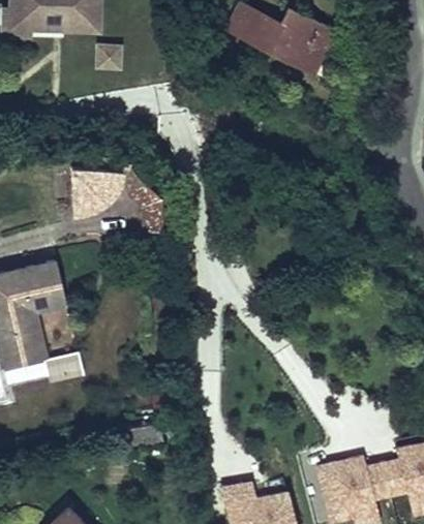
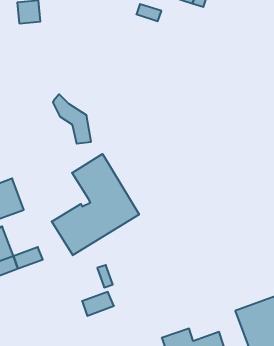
building: [70,166,122,218] -> none
building: none -> [52,154,139,255]

